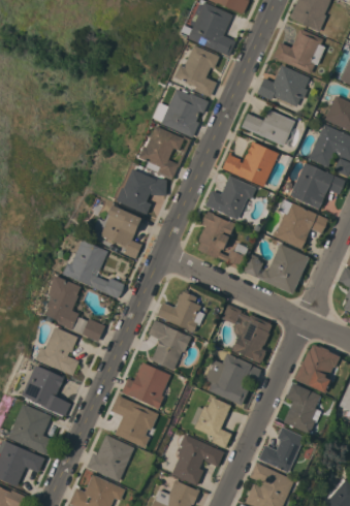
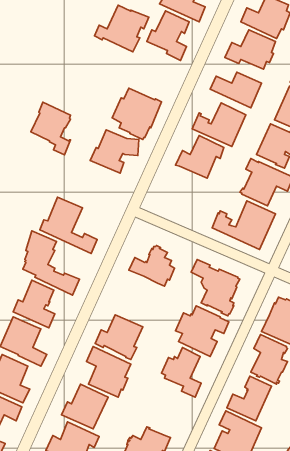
building: [152,89,209,137] -> [94,5,149,52]
building: [100,204,141,259] -> [31,102,70,155]
building: [196,211,248,270] -> none
building: [148,320,191,370] -> none
building: [170,434,224,485] -> none

